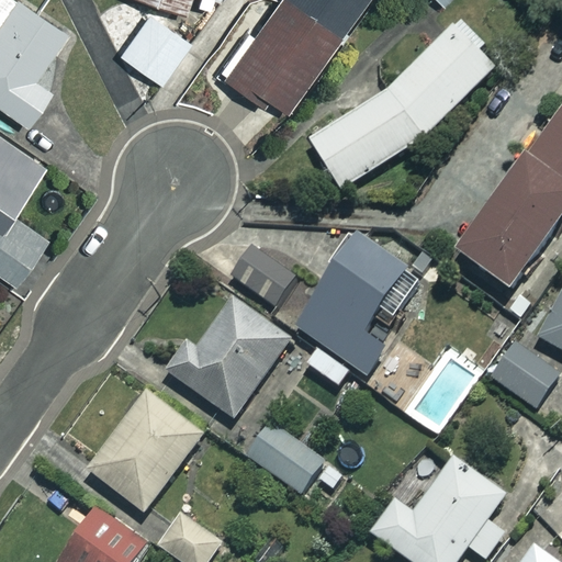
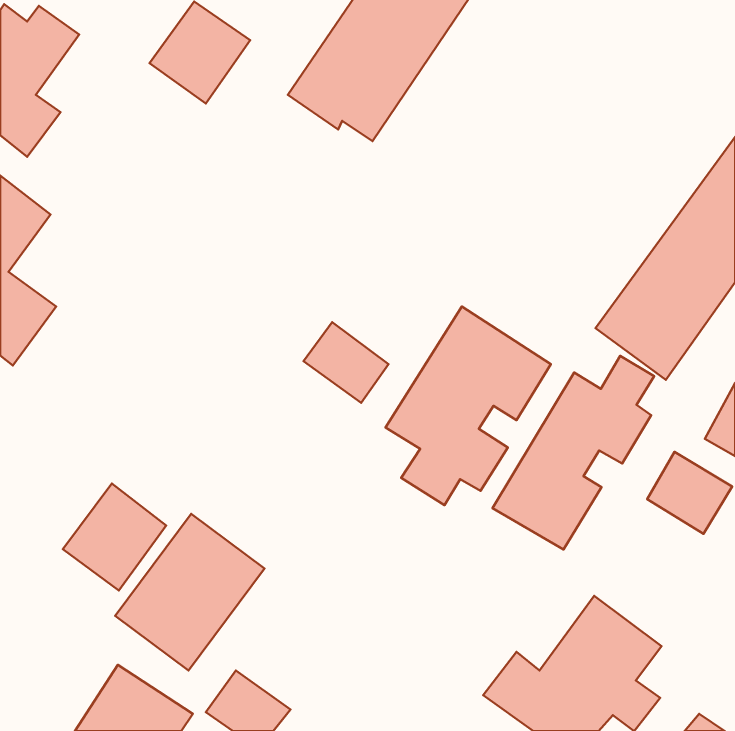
building: [308,19,503,190] -> none
building: none -> [493,356,654,549]
building: [166,297,290,418] -> none
building: none -> [63,483,166,591]
building: [247,422,344,493] -> none

